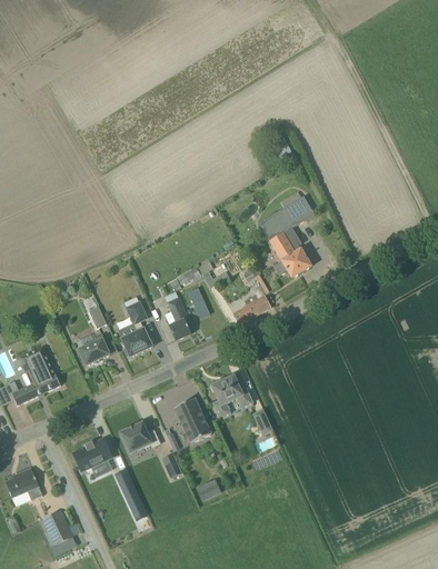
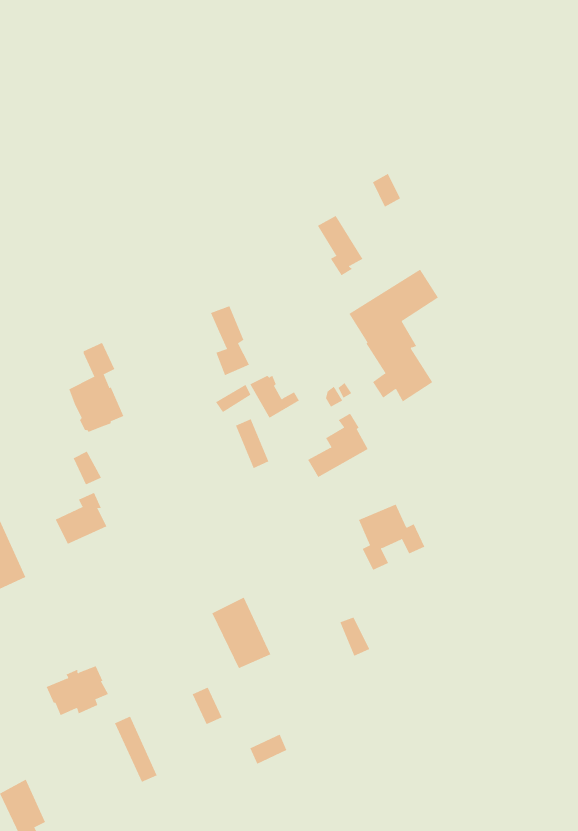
building: none -> [317,215,363,276]
building: [166,296,190,339] -> [210,305,250,376]
building: [117,300,151,356] -> [68,342,124,432]
building: [210,375,251,416] -> [358,504,425,570]
building: [119,421,158,452] -> none

